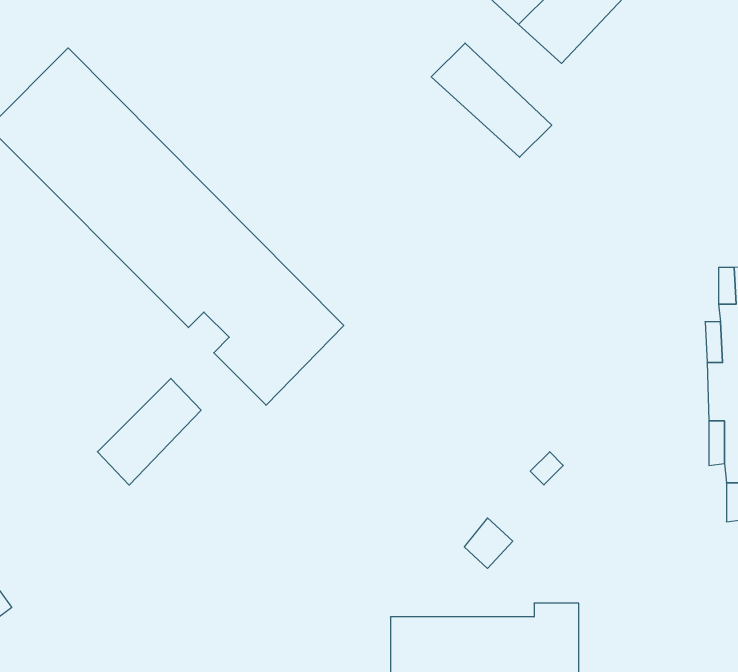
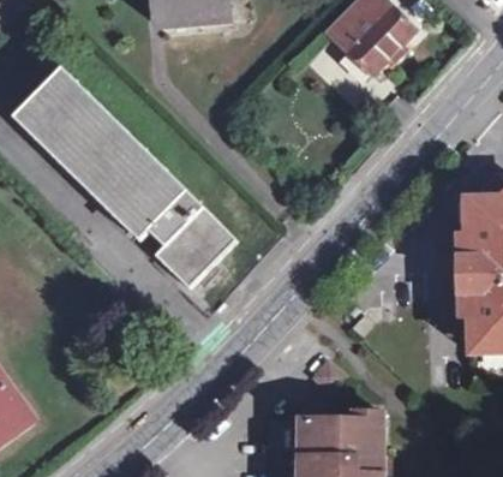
building: [431,43,552,157] -> none
building: [97,378,201,485] -> none

